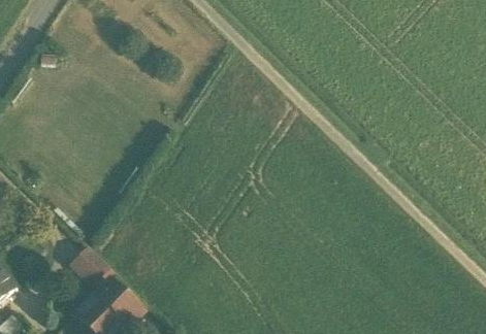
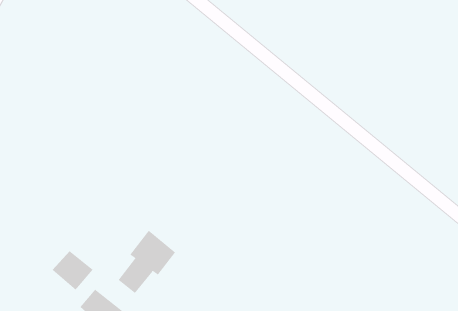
building: none -> [118,230,176,294]

